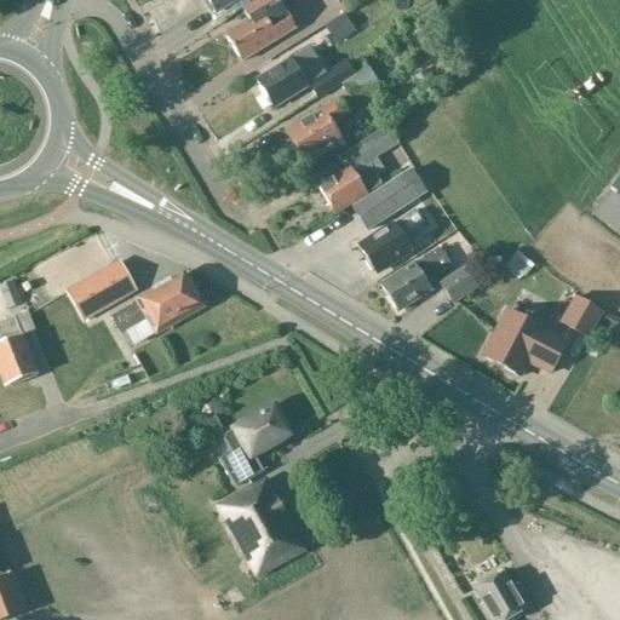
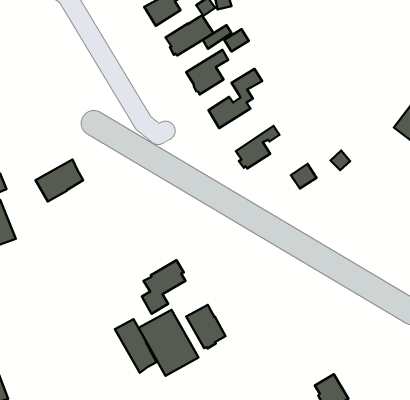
building: [355,168,429,228] -> none
building: [386,243,453,309] -> none
building: [113,272,201,329] -> none
building: [561,294,602,335] -> none
building: [483,308,568,373] -> none
building: none -> [186,305,226,349]
building: none -> [115,319,157,373]

